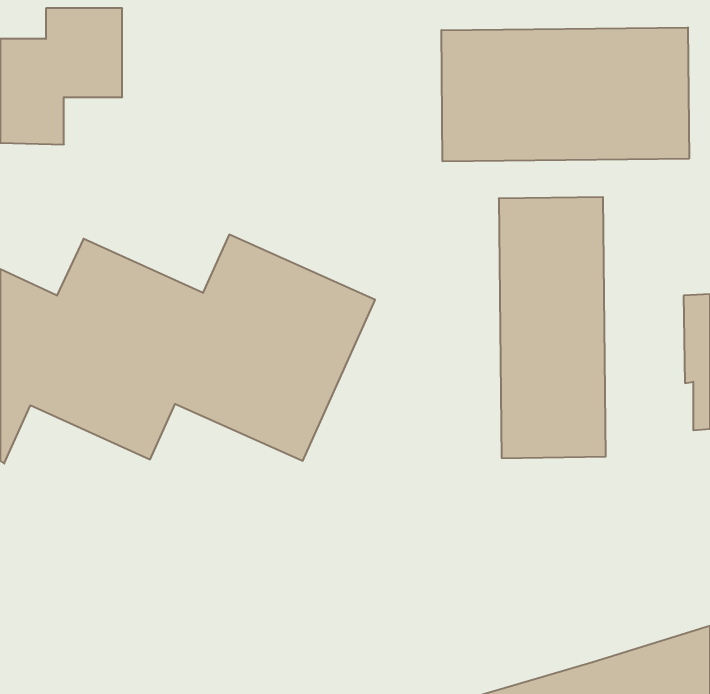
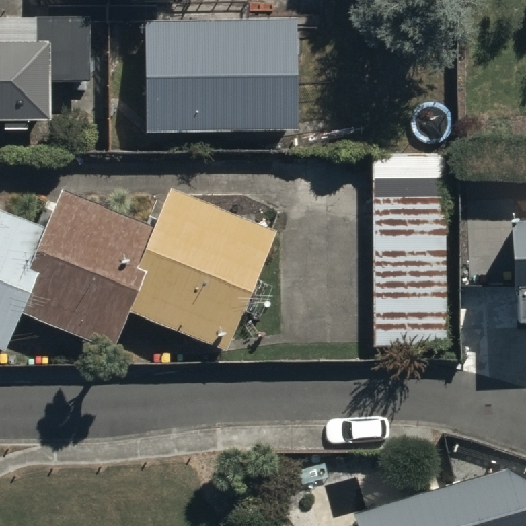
building: none -> [143,17,299,133]
building: [441,27,689,161] -> none

